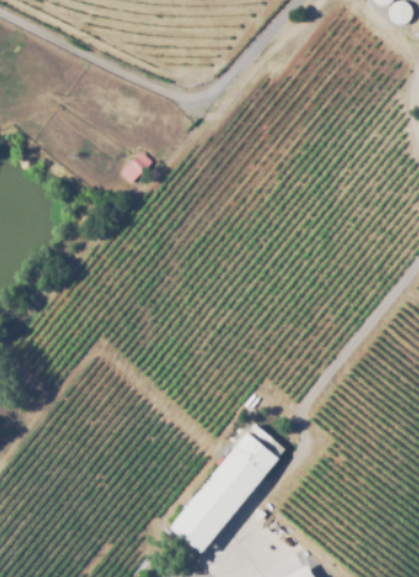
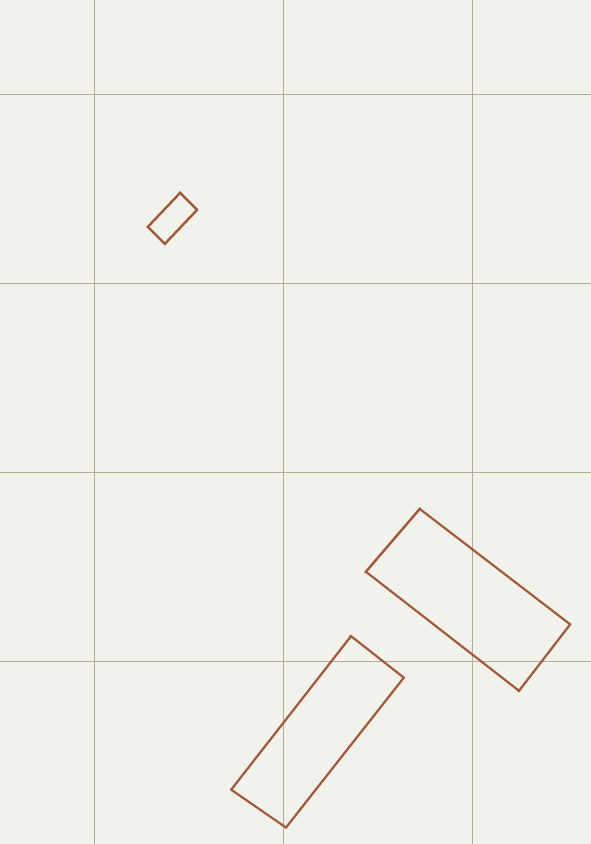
building: none -> [366,509,570,691]

